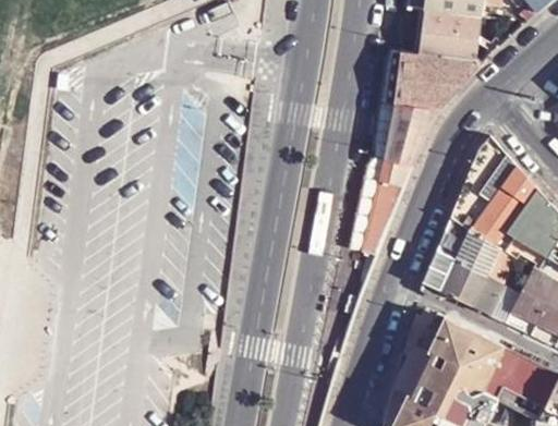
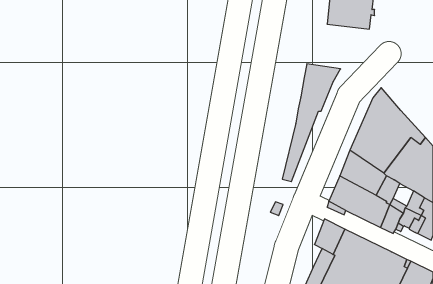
building: [395,51,483,111] -> none

